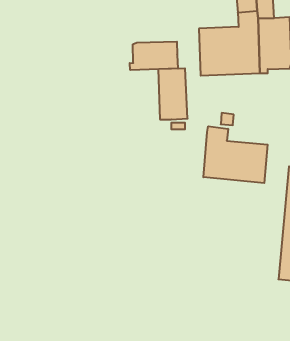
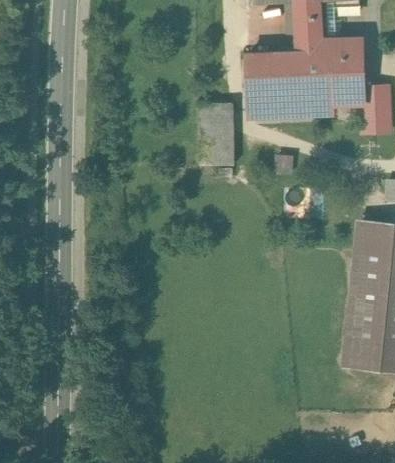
building: [130,42,178,70] -> none
building: [203,126,268,183] -> none

